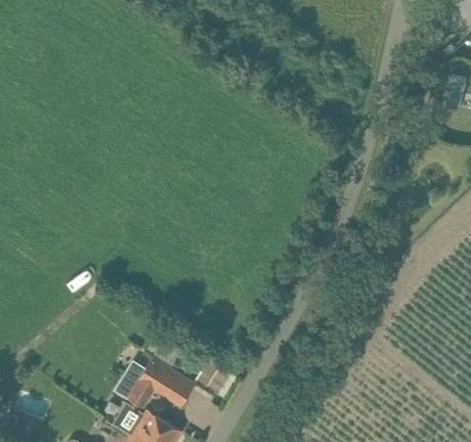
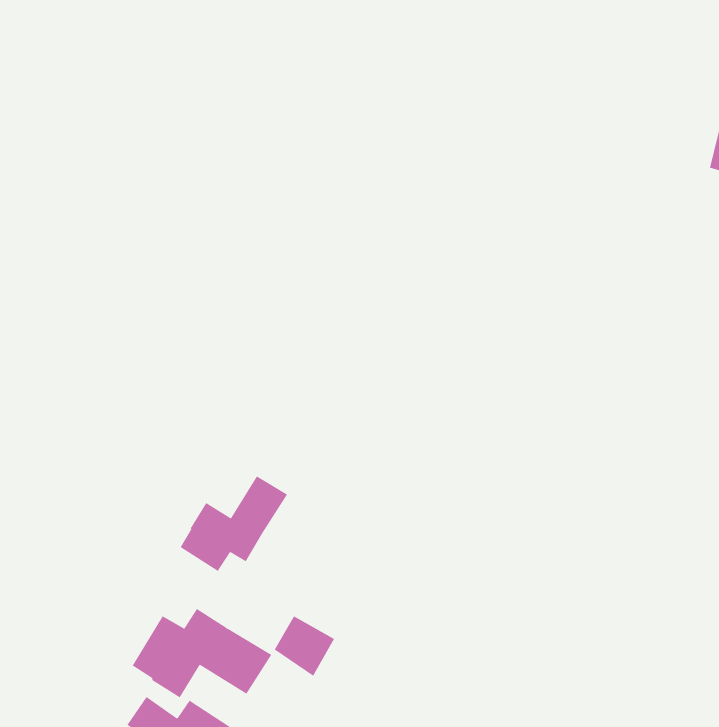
building: none -> [180,476,288,572]

